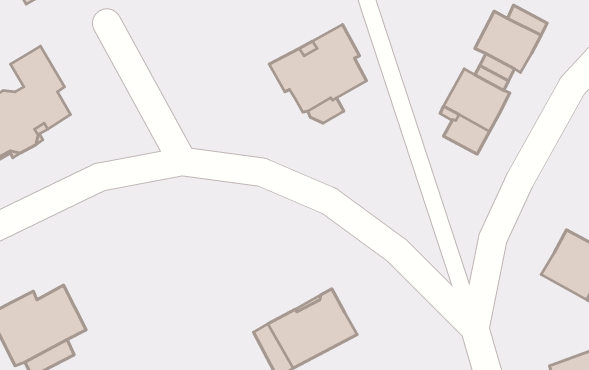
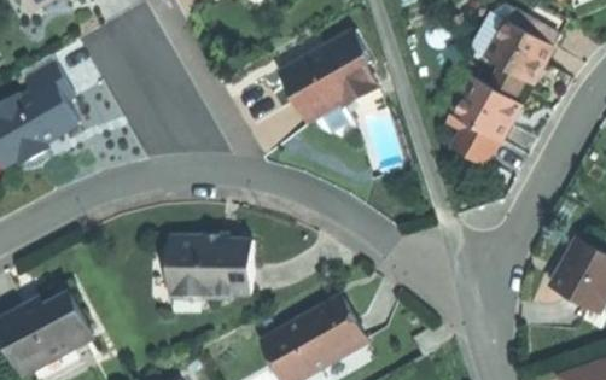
building: none -> [169,234,251,298]

